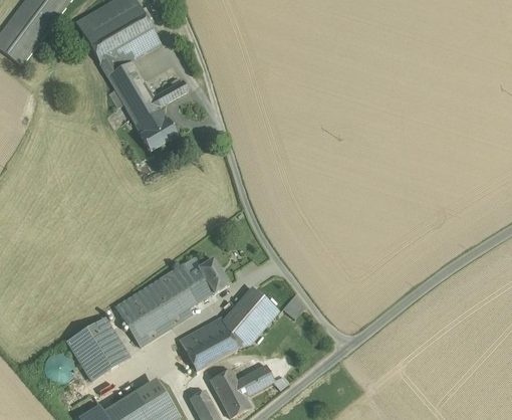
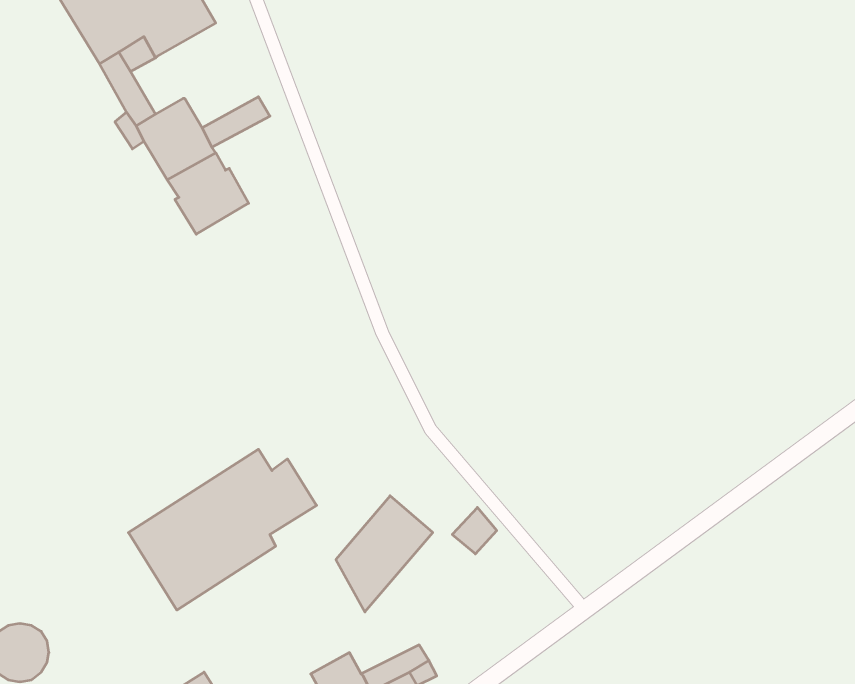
building: [116,59,144,89] -> none
building: [197,258,229,293] -> none
building: [179,317,238,371] -> none
building: [67,319,130,381] -> none

